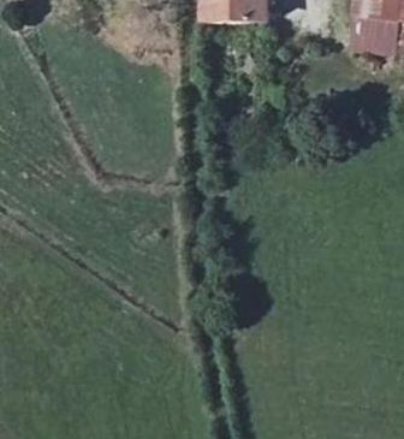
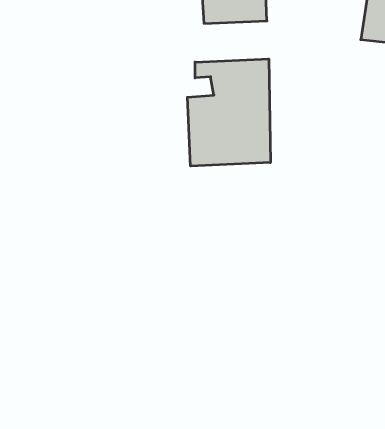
building: none -> [187,59,270,166]

